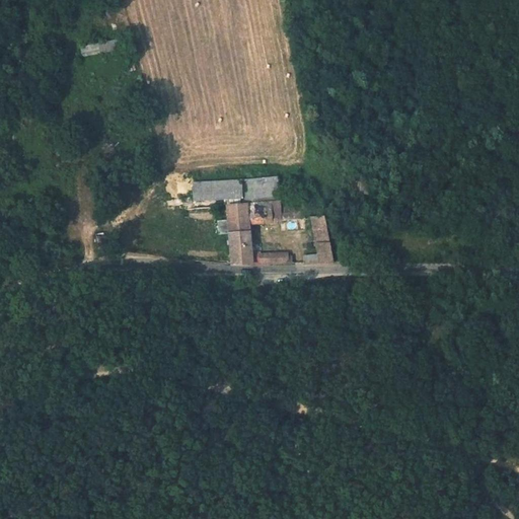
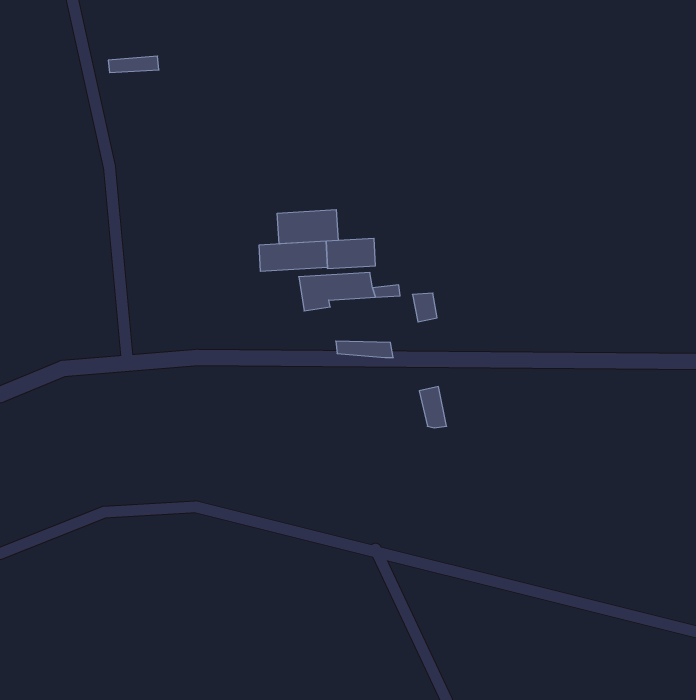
building: none -> [277,210,338,244]
building: [228,227,252,262] -> none
building: [312,235,332,266] -> [419,387,447,428]

